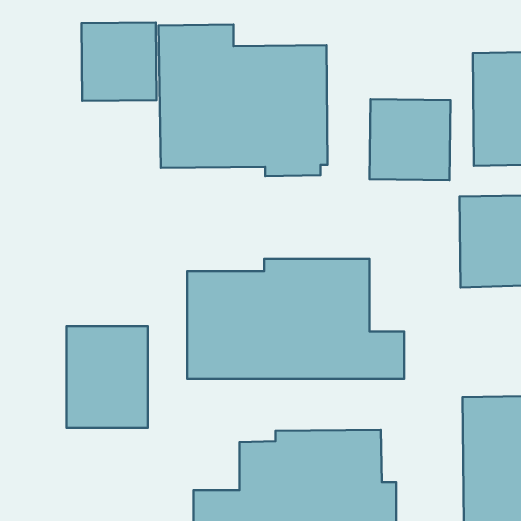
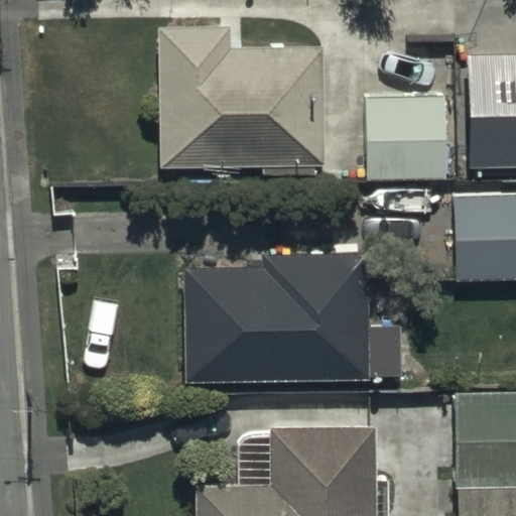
building: [82,23,157,101] -> none
building: [67,326,148,428] -> none

